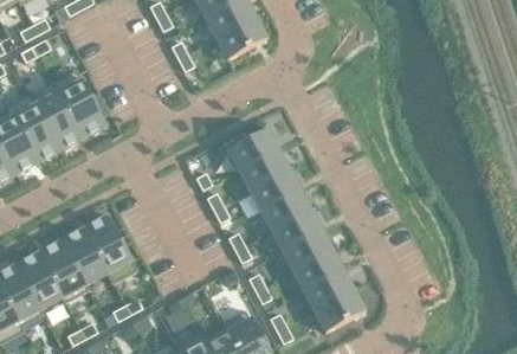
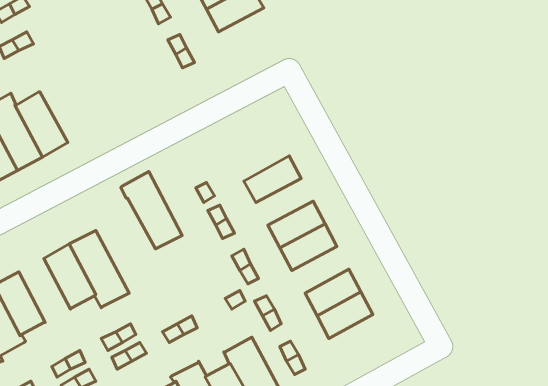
building: [215,17,266,58] -> none
building: [51,67,105,136] -> [121,171,182,249]
building: [227,128,278,170] -> none
building: [248,168,299,210] -> none
building: [280,229,331,270] -> none
building: [38,239,89,302] -> none
building: [314,289,364,332] -> none

